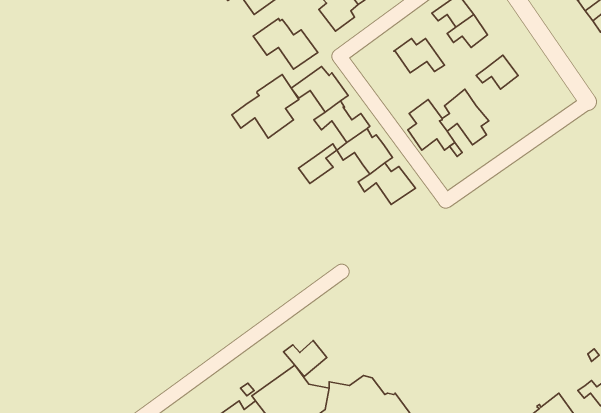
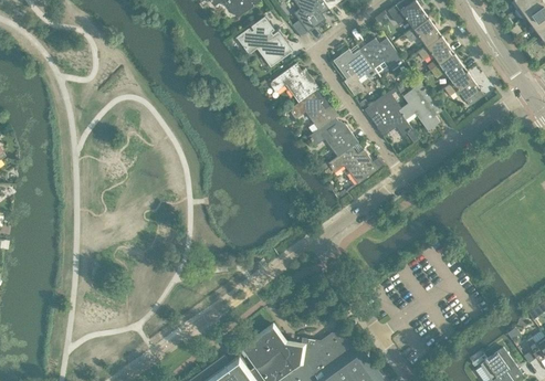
building: none -> [418,35,454,64]
building: none -> [333,50,376,95]
building: [232,75,299,138] -> none
building: none -> [444,71,485,106]
building: [299,144,337,184] -> none
building: [284,341,327,376] -> none

